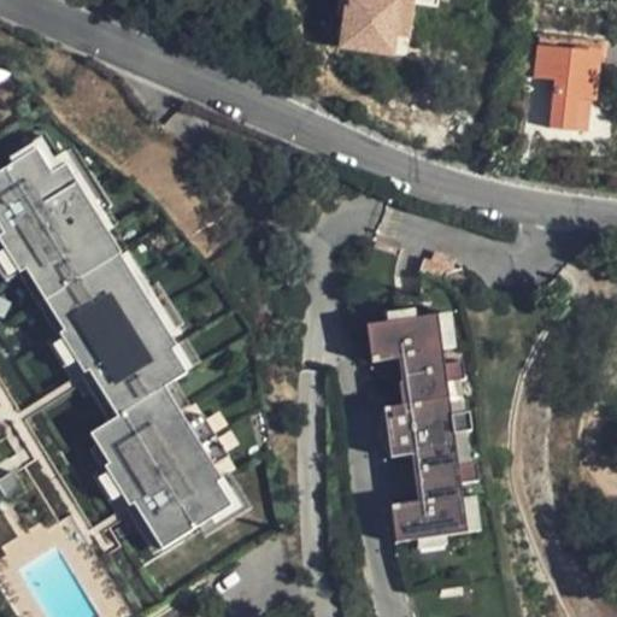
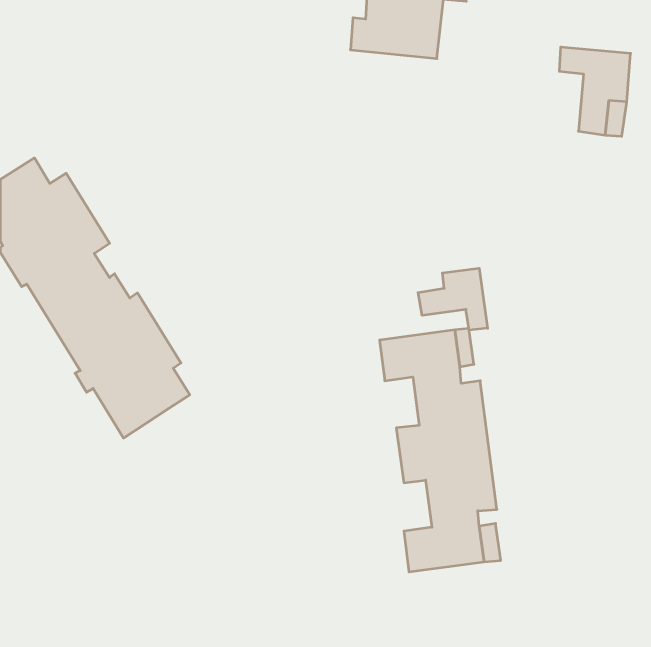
building: none -> [418,268,488,330]
building: [90,387,231,545] -> none

